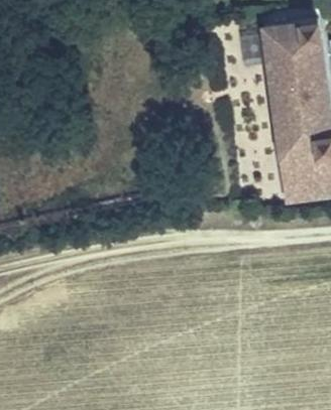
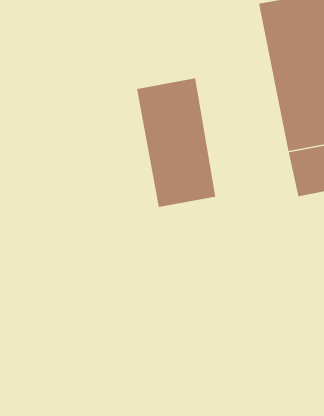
building: none -> [136,77,216,208]

